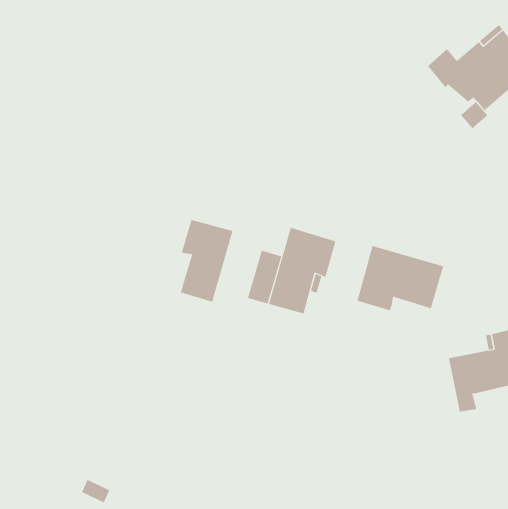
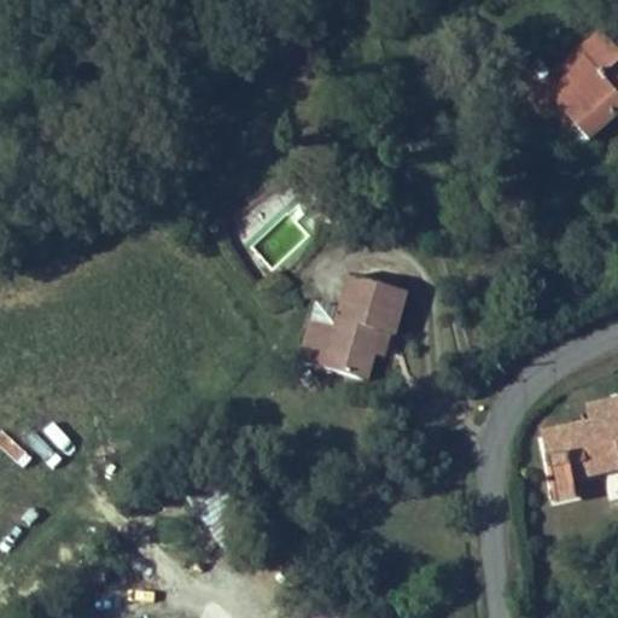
building: [180,219,233,302] -> none
building: [357,245,444,311] -> none

